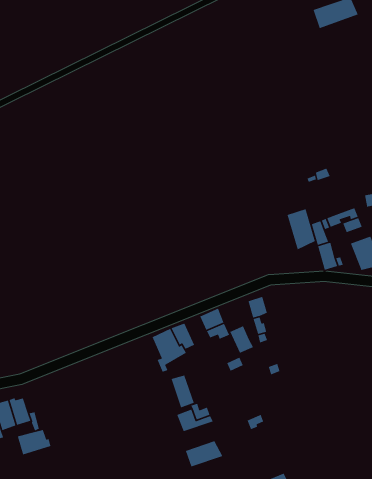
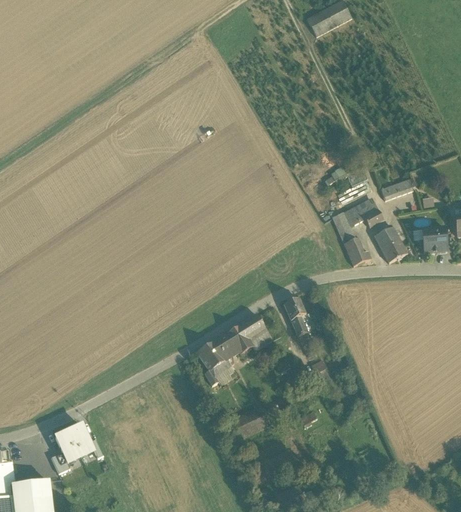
building: [287,208,316,251] -> none
building: [229,325,254,354] -> [226,325,252,353]
building: [171,375,195,409] -> none
building: [16,429,52,455] -> none
building: [185,440,224,467] -> none

